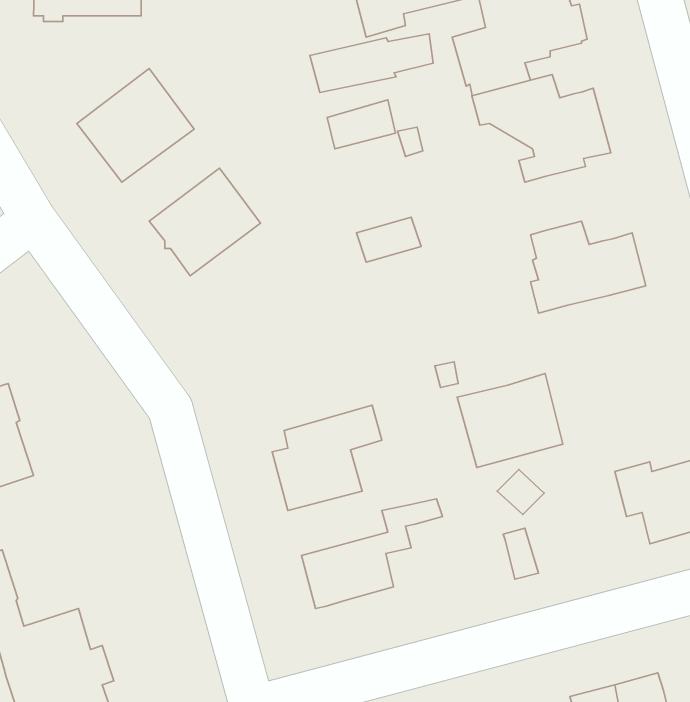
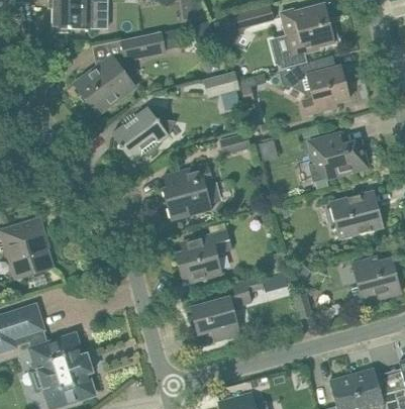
building: [310,34,433,93] -> [120,29,184,60]
building: none -> [162,164,212,220]
building: [457,374,563,467] -> [328,190,383,238]

